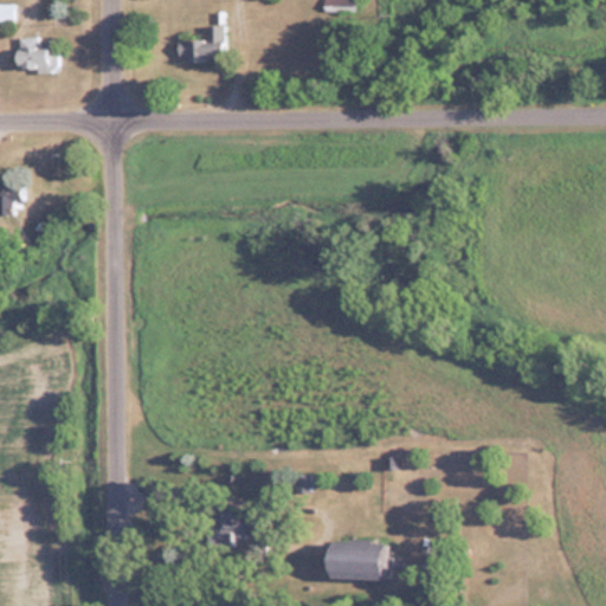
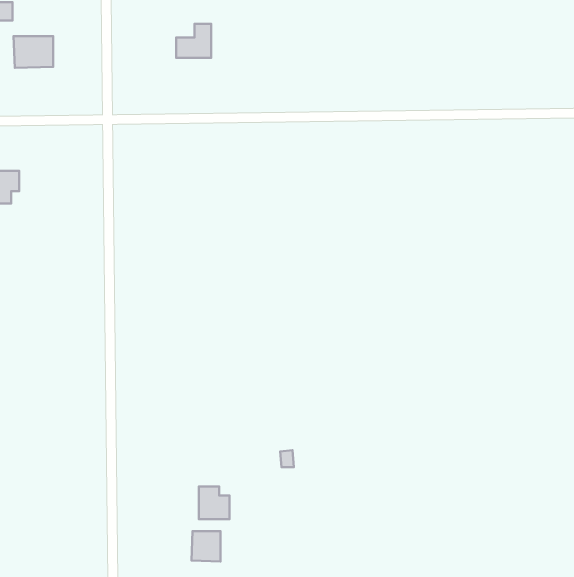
building: [323,546,380,579] -> none
building: none -> [192,531,220,562]

